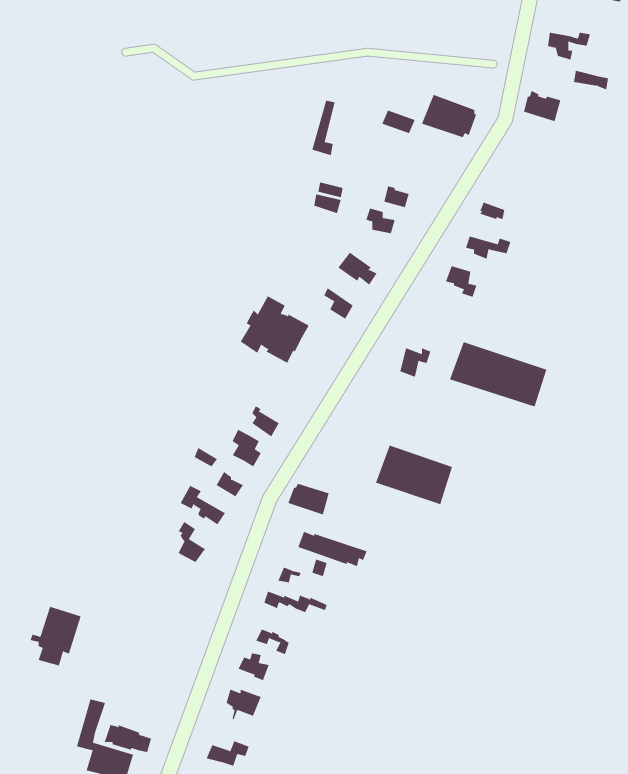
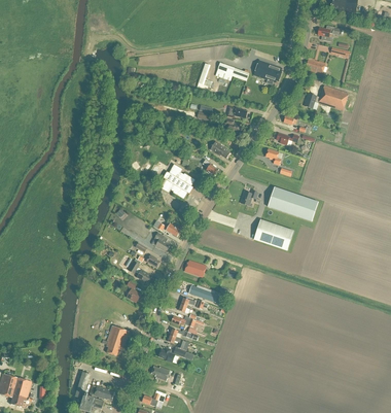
building: none -> [306,85,349,111]
building: [375,445,453,505] -> [253,219,293,250]
building: [30,606,82,666] -> [102,325,129,356]

